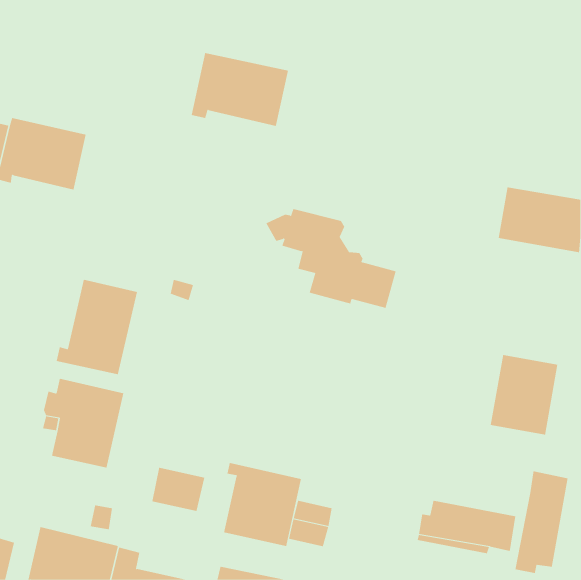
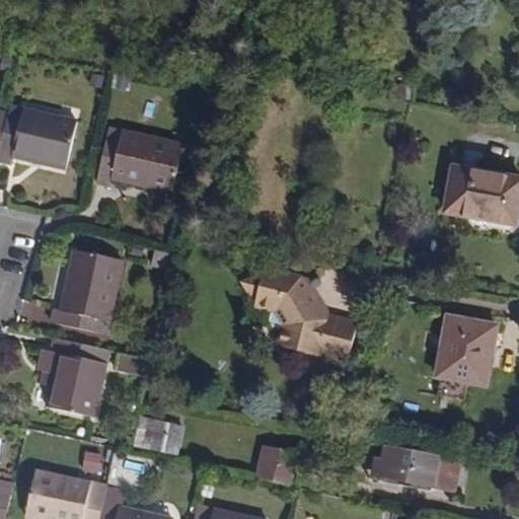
building: [191,52,289,126] -> [96,127,183,193]
building: [265,208,396,309] -> [239,268,356,357]
building: [224,462,301,547] -> none
building: [515,470,568,574] -> none

